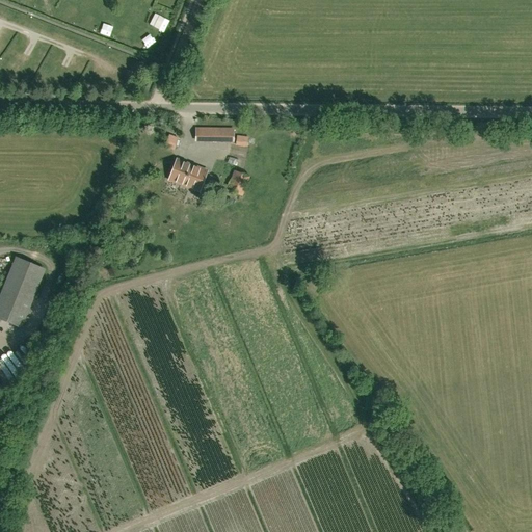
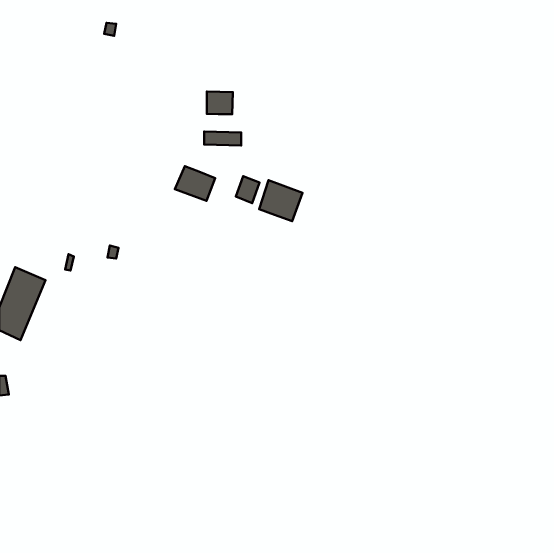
building: none -> [207,91,233,114]
building: none -> [259,180,303,221]

